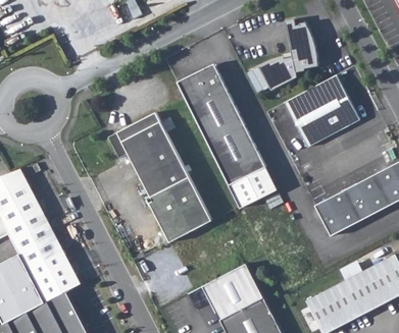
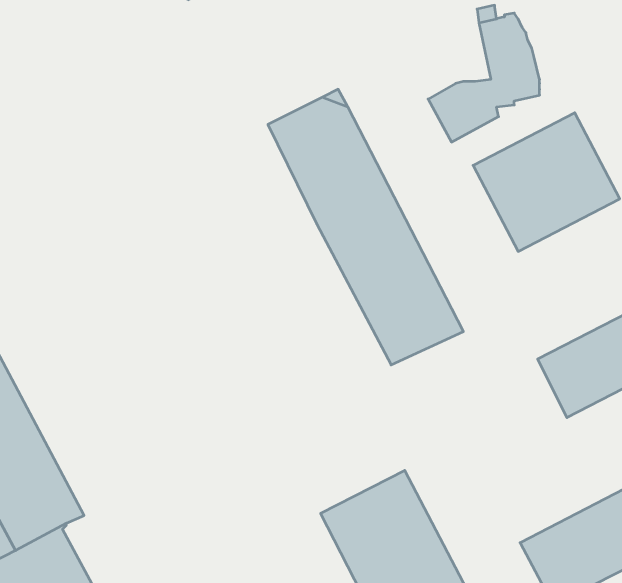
building: [107,112,209,239] -> none

